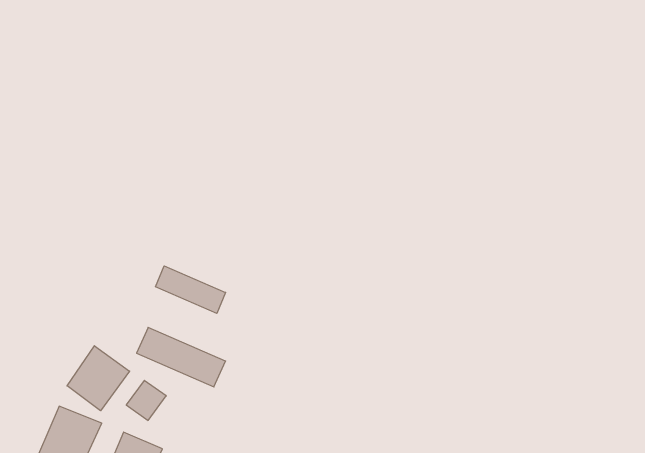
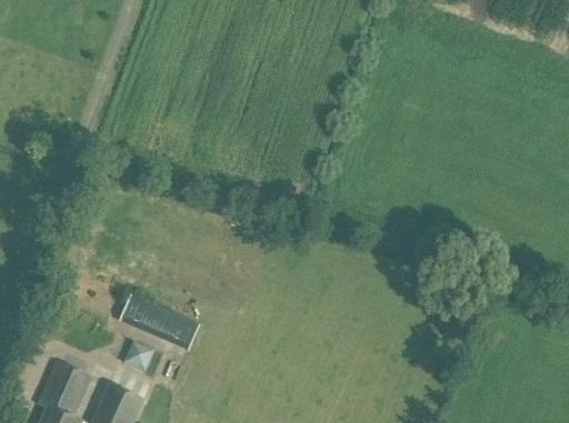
building: [156,266,226,313] -> none
building: [67,346,130,411] -> none

